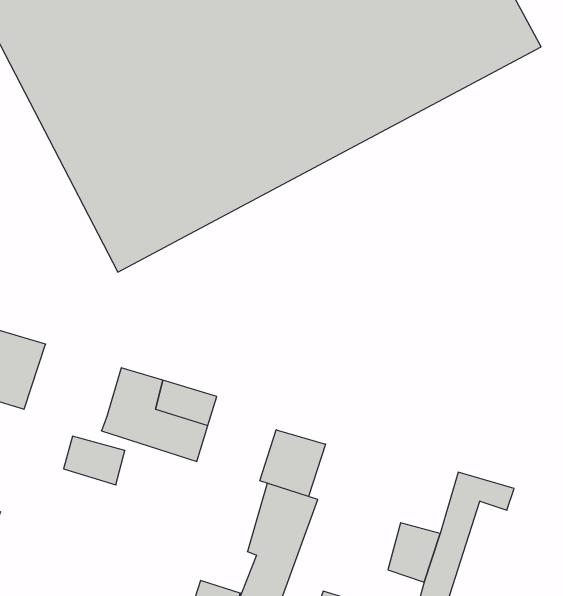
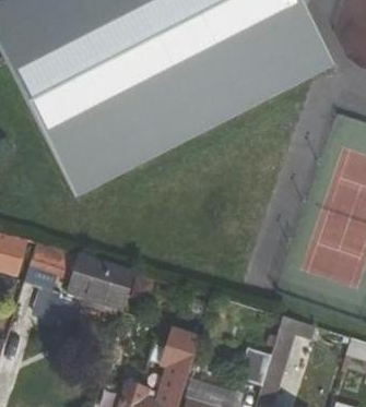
building: none -> [27,242,78,284]
building: [260,430,326,496] -> none

